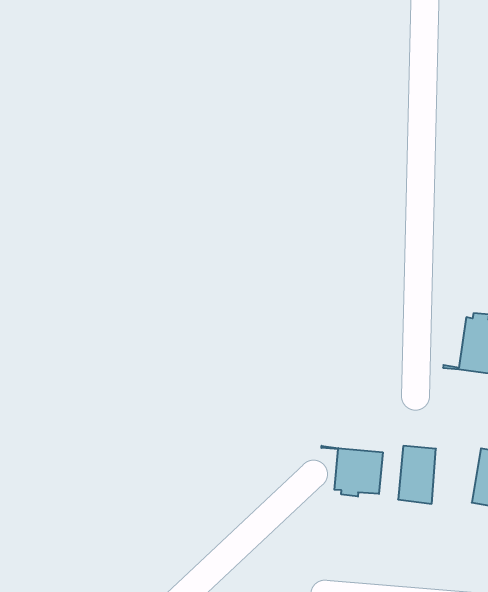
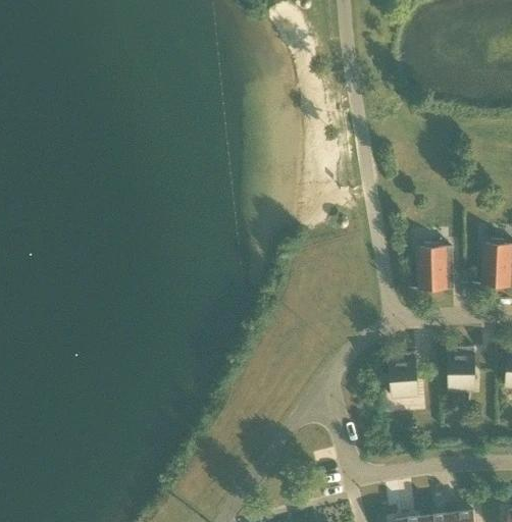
building: [321,446,383,497] -> none

